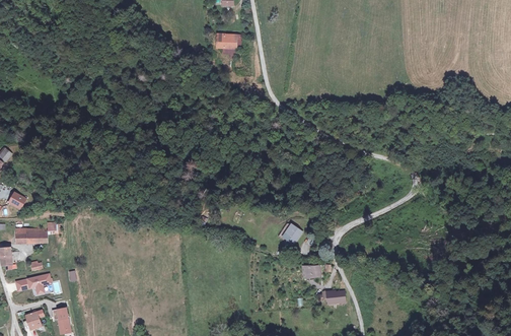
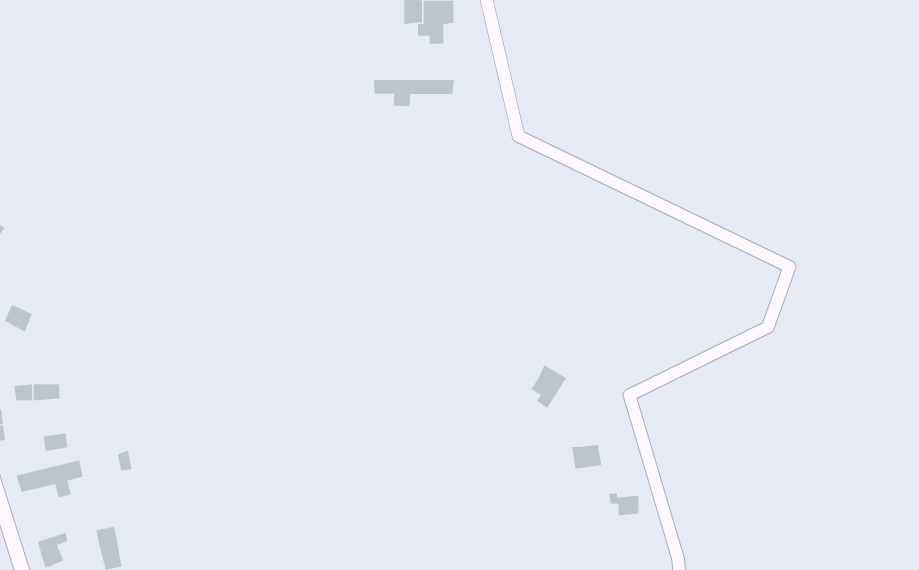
building: none -> [373,79,455,107]

